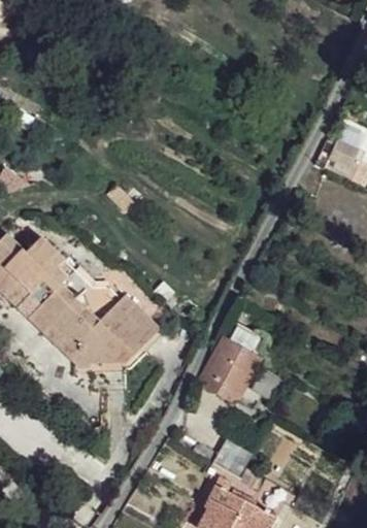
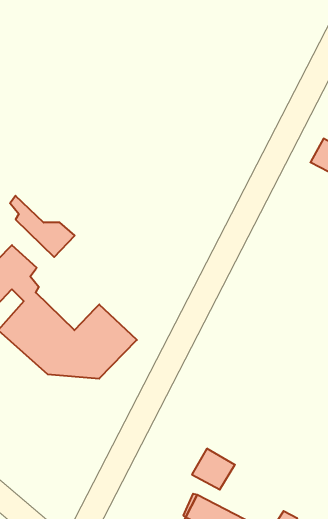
building: [59,264,121,323] -> [10,196,75,257]
building: [206,321,261,393] -> none

